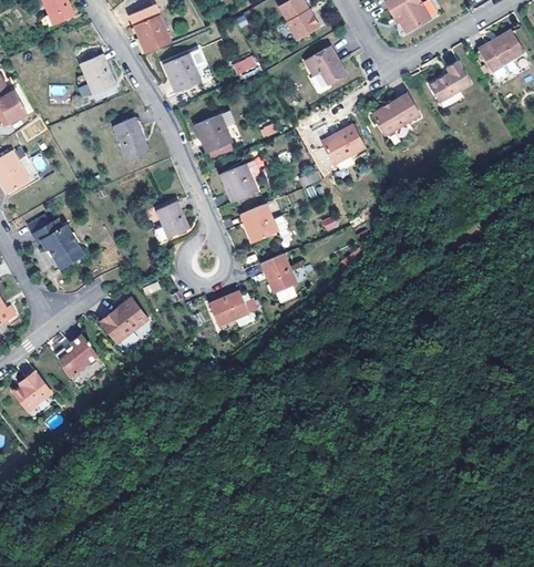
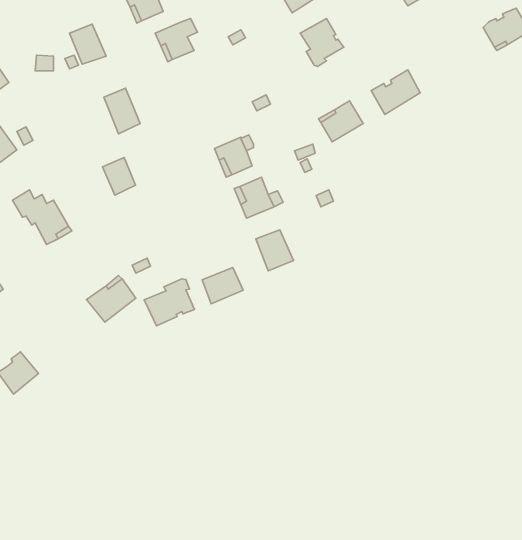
building: [429,63,472,104] -> none
building: [195,114,233,152] -> none
building: [157,200,189,237] -> [102,158,135,195]
building: none -> [144,279,194,326]
building: [55,336,97,379] -> none

